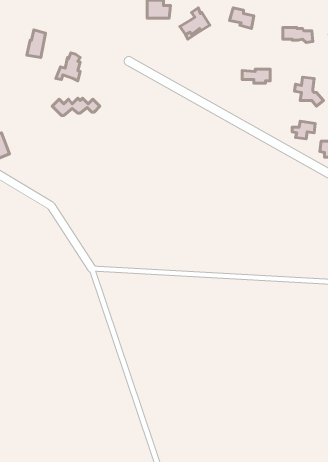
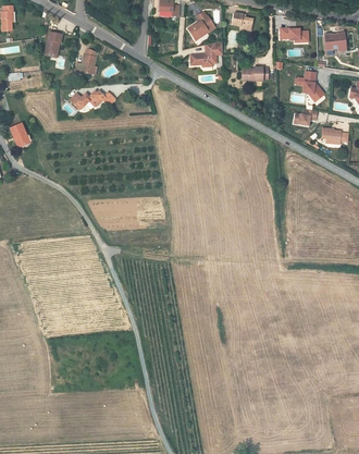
building: none -> [194,39,225,64]

